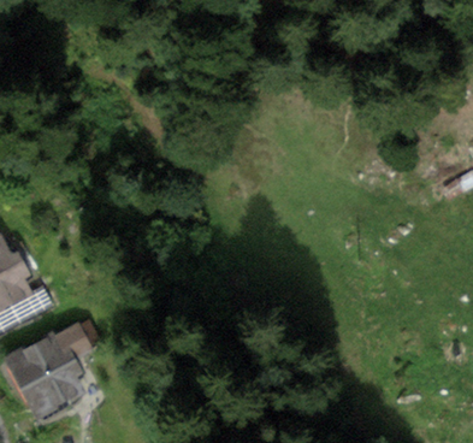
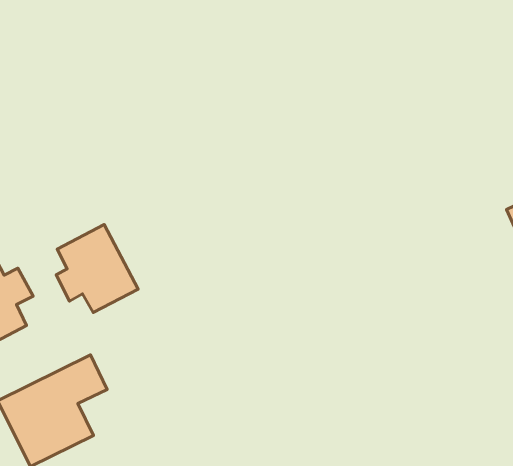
building: none -> [56,225,138,312]

